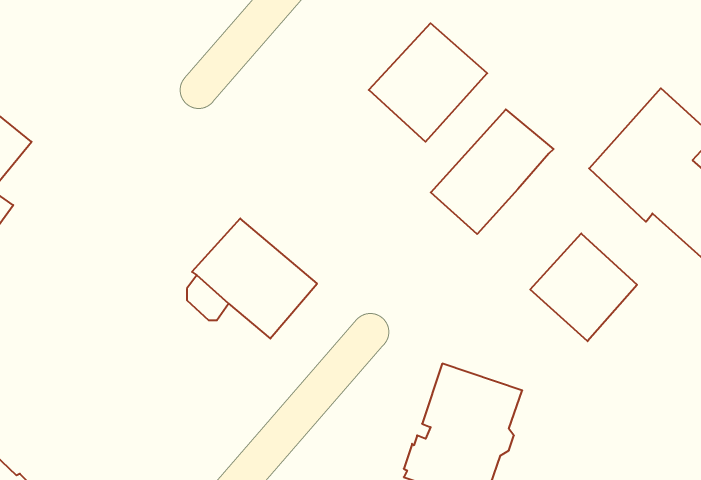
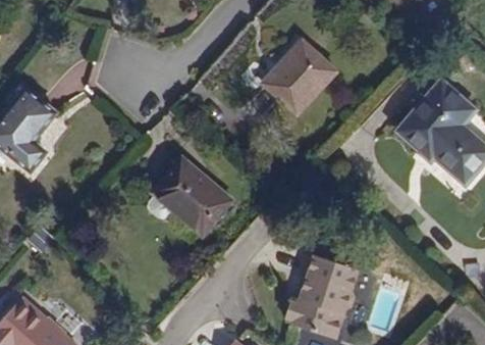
building: [431,109,554,234] -> none
building: [530,233,637,341] -> none

